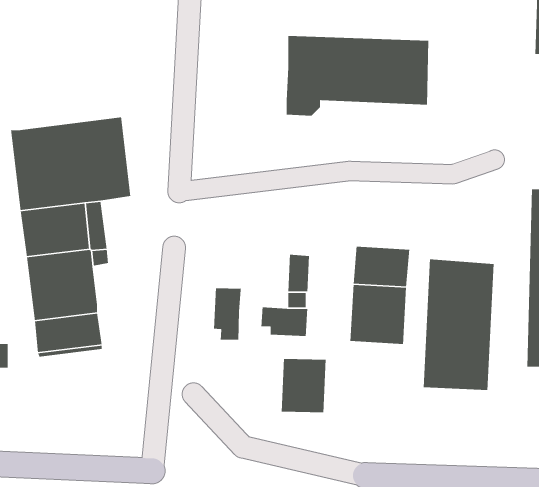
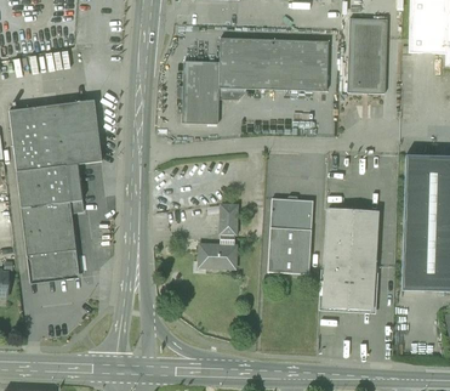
building: none -> [347,18,387,94]
building: none -> [181,61,220,124]
building: [213,287,242,341] -> none
building: [281,358,326,413] -> none

